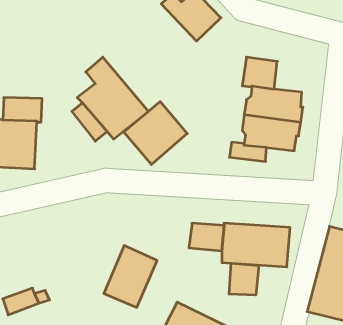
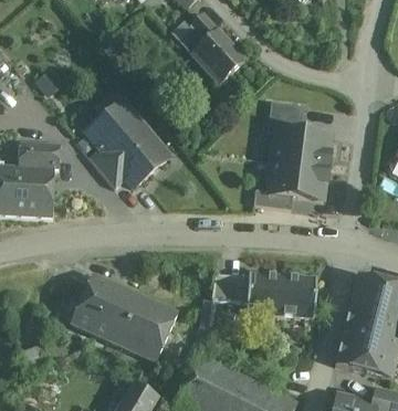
building: [124,102,187,165] -> none
building: none -> [71,273,144,345]
building: [229,263,259,295] -> none

